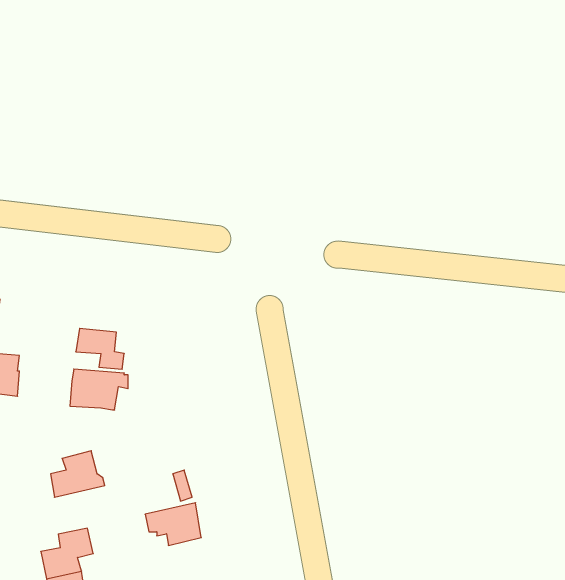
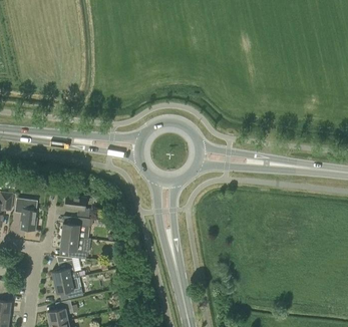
building: none -> [60,237,87,260]
building: [145,503,201,545] -> [54,278,83,300]

